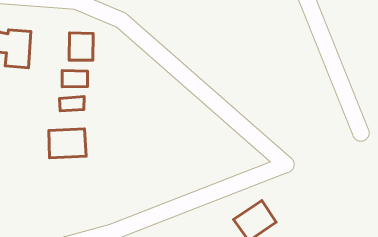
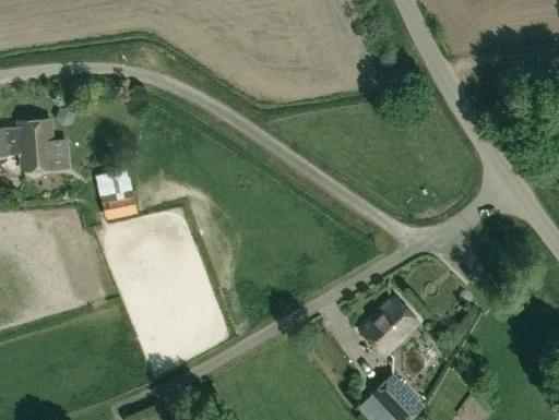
building: [69,33,93,60] -> none
building: [49,129,86,158] -> none

